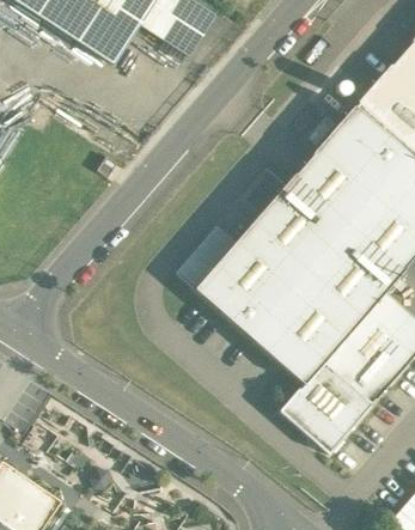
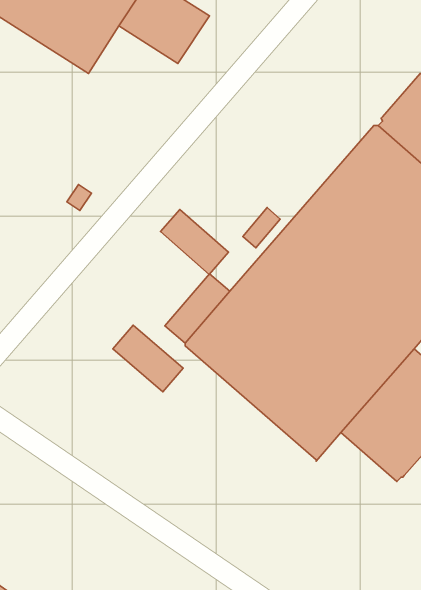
building: none -> [160,209,229,274]
building: none -> [113,325,183,392]
building: [279,361,372,453] -> none

